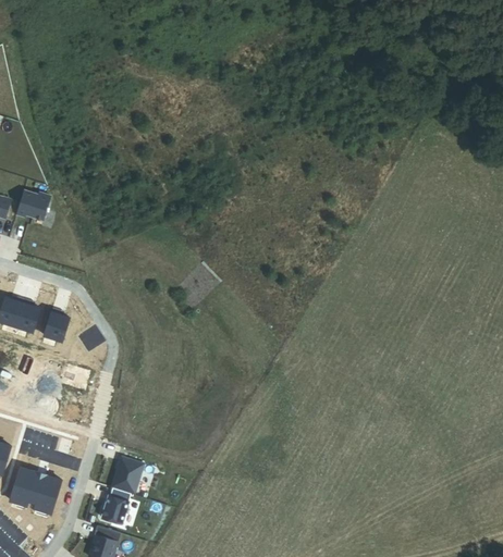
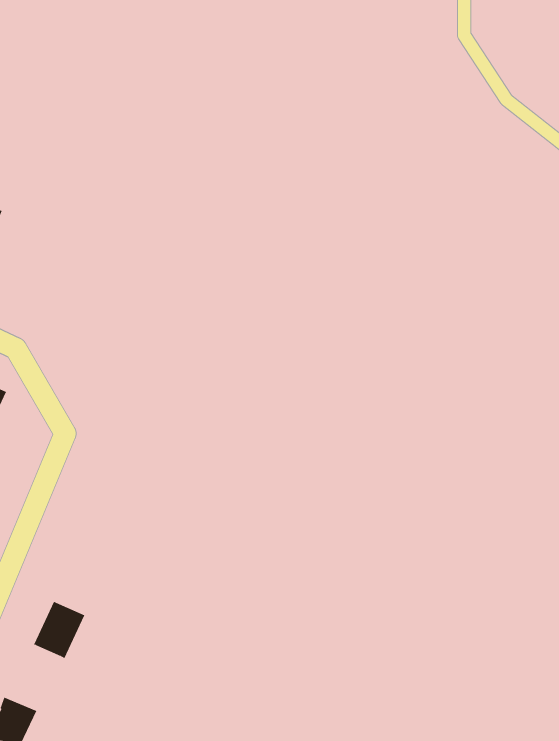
building: [101,487,131,523] -> none

